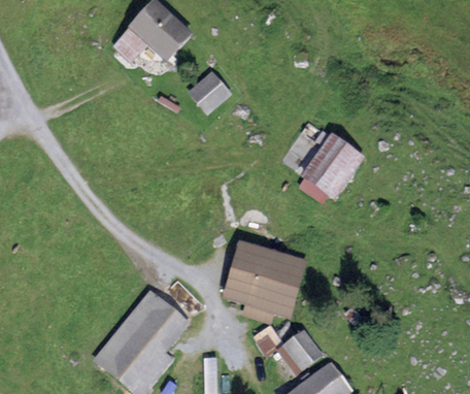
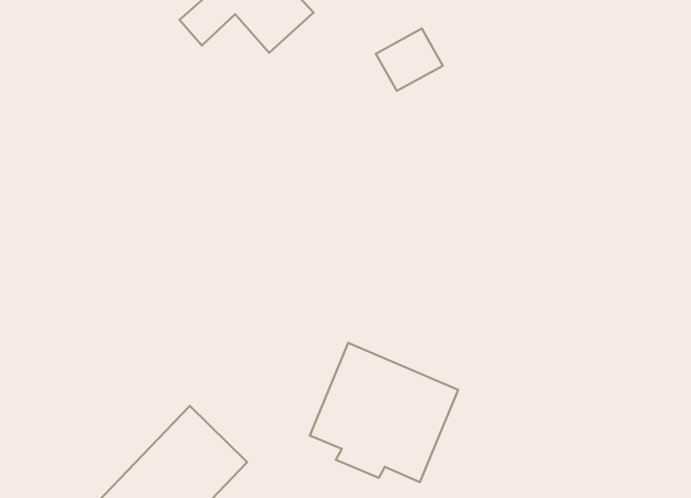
building: [188,72,230,112] -> [376,29,443,91]
building: [304,134,363,194] -> none

